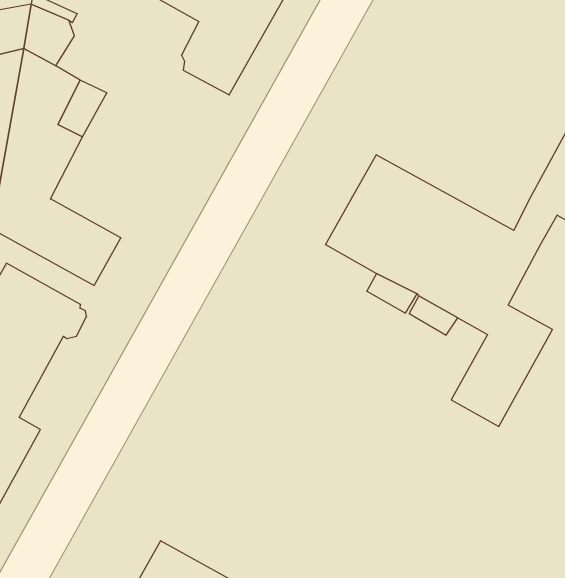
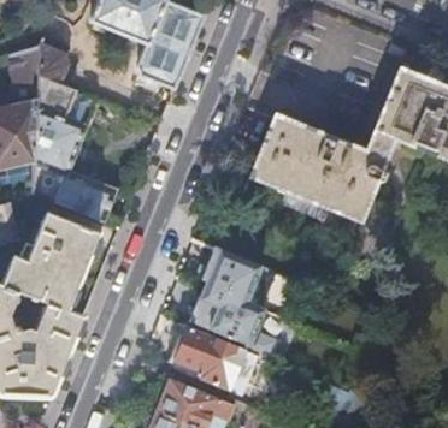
building: none -> [189,249,263,344]
building: none -> [154,316,276,390]

